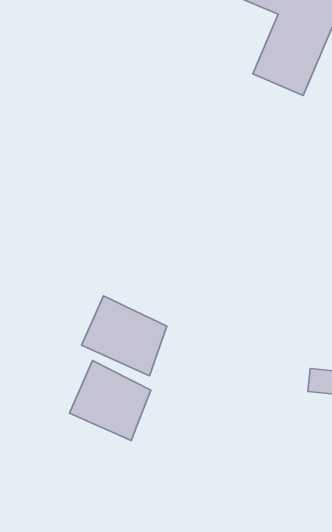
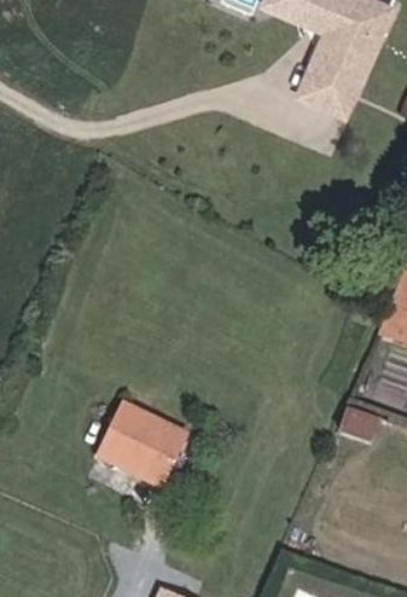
building: [82,296,167,376] -> none

